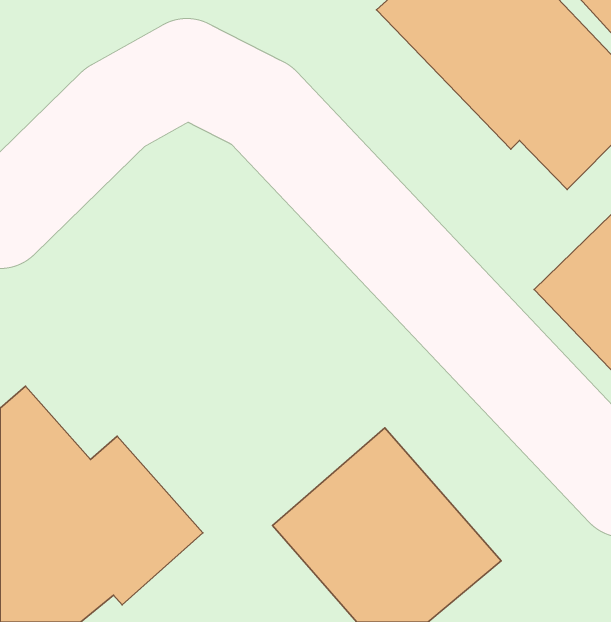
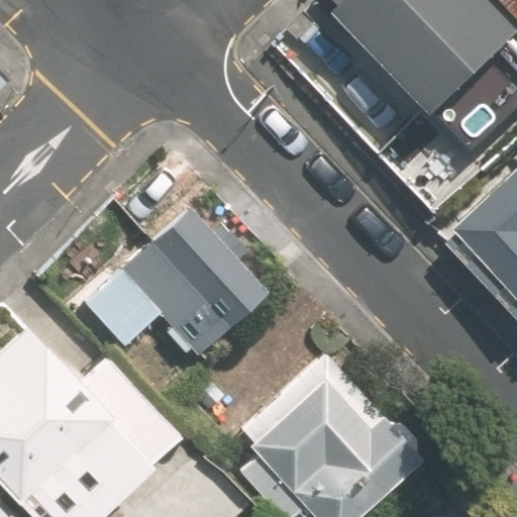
building: none -> [86,164,272,358]

